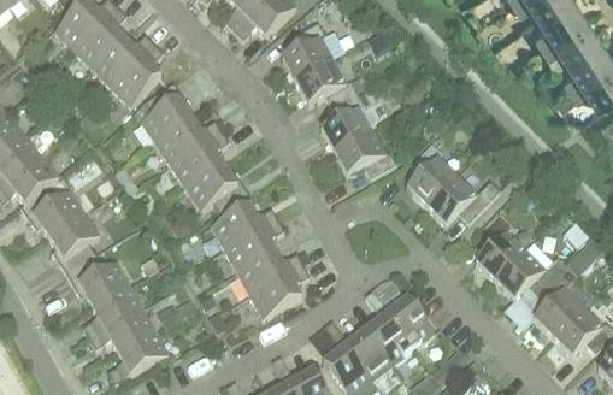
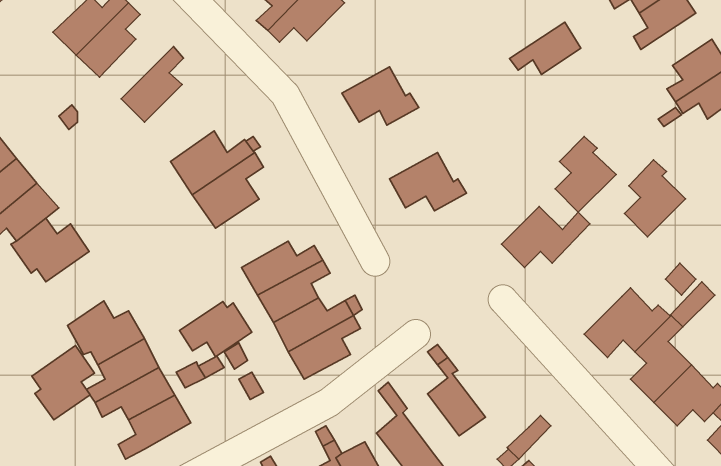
building: [542,16,601,59] -> [510,22,581,74]
building: [281,22,334,82] -> none
building: [93,34,154,87] -> none
building: [141,82,189,138] -> none
building: [320,94,373,153] -> none
building: [407,145,458,207] -> [555,137,616,212]
building: [189,170,249,216] -> [179,302,252,357]
building: [48,213,100,275] -> [32,346,94,420]
building: [476,218,526,282] -> [624,160,685,237]
building: [385,299,434,350] -> none
building: [344,331,391,382] -> none

